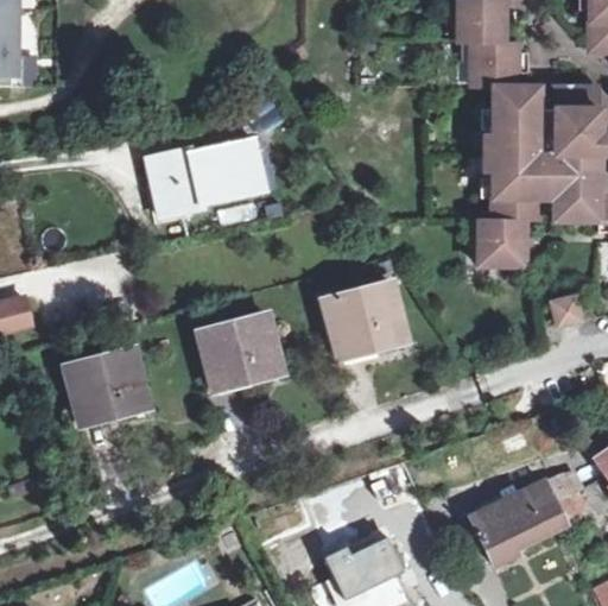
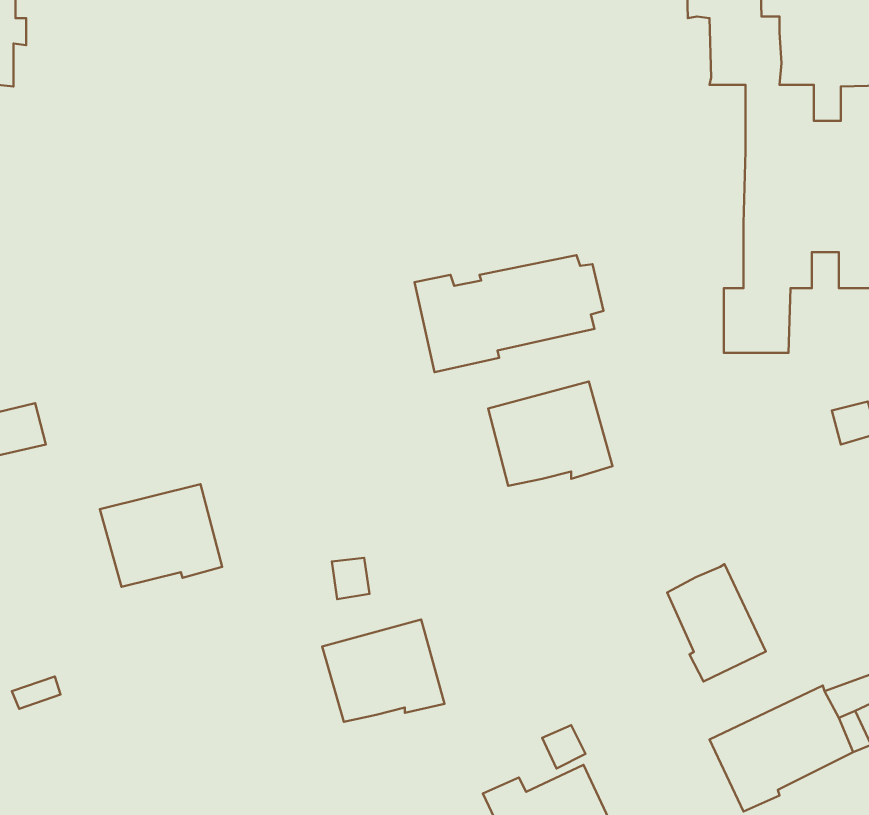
building: [148,140,273,217] -> [415,255,603,372]
building: [200,315,280,383] -> [322,619,444,722]
building: none -> [667,564,766,681]

